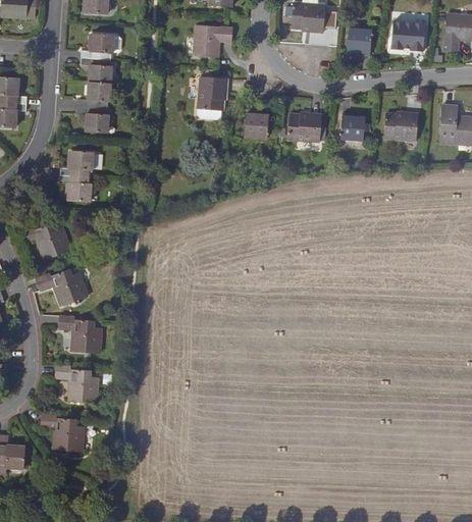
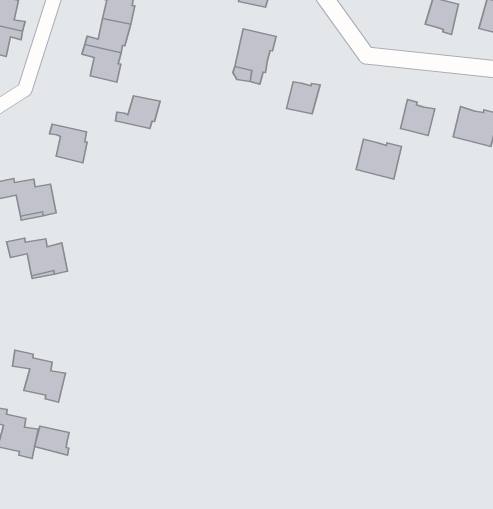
building: [289,113,322,142] -> [356,139,401,179]
building: [58,155,92,179] -> [116,96,160,128]
building: [59,315,103,352] -> none
building: none -> [35,426,69,455]

